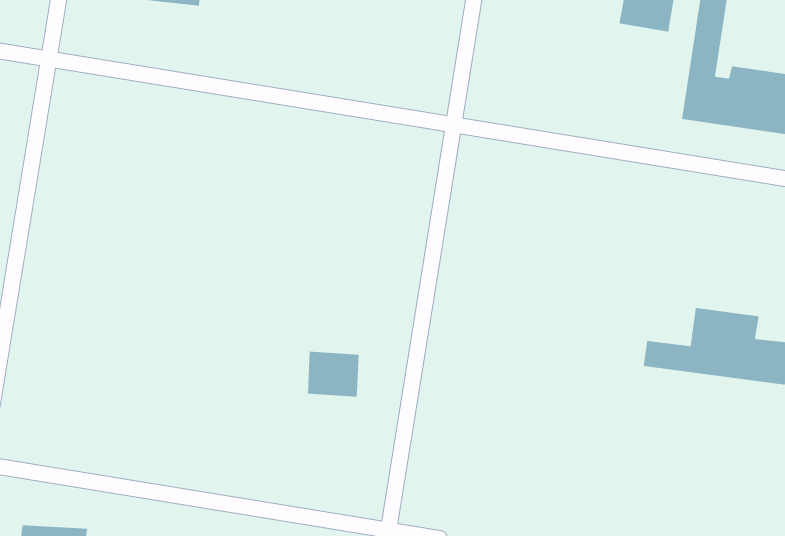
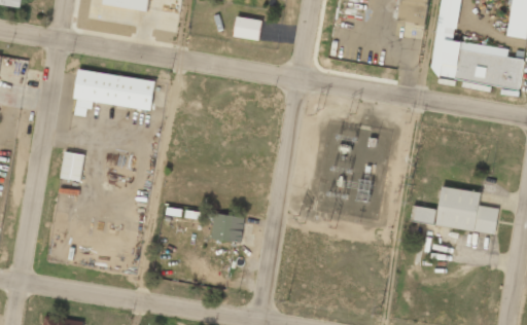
building: none -> [234,15,261,39]
building: none -> [73,69,155,116]
building: none -> [61,151,83,179]

